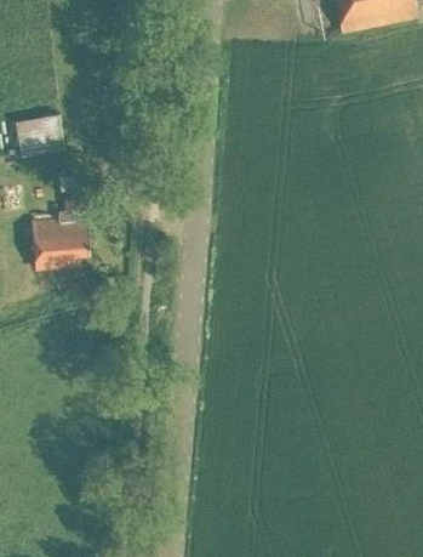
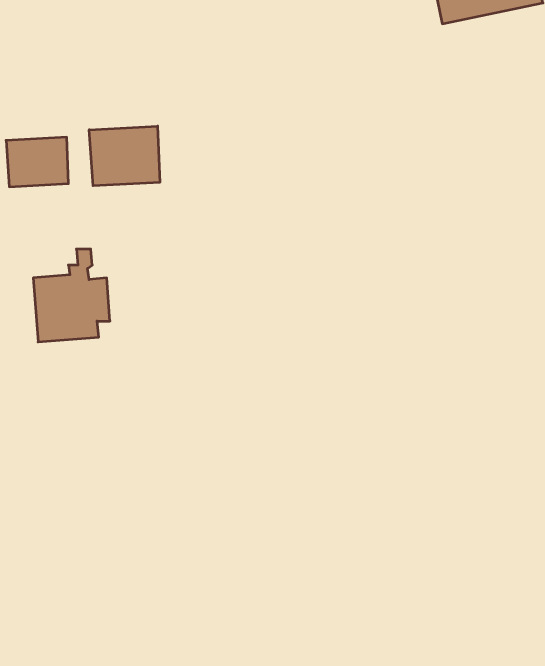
building: none -> [89,126,160,186]

